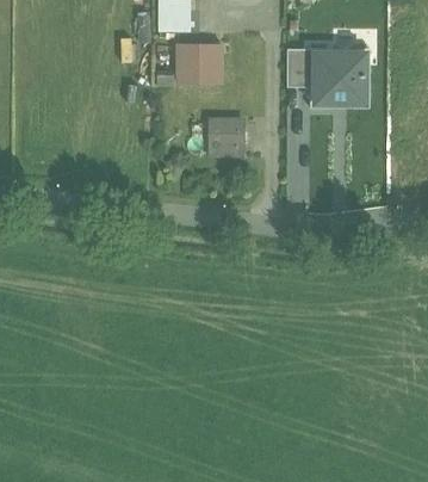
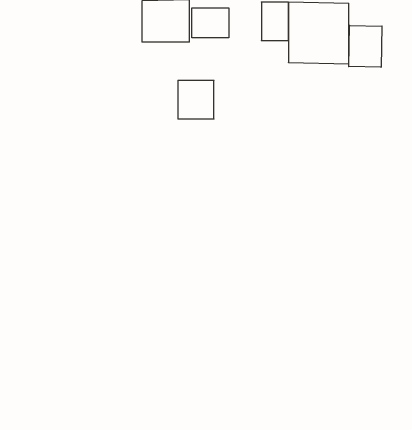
building: none -> [192,8,229,38]
building: none -> [349,25,382,67]

